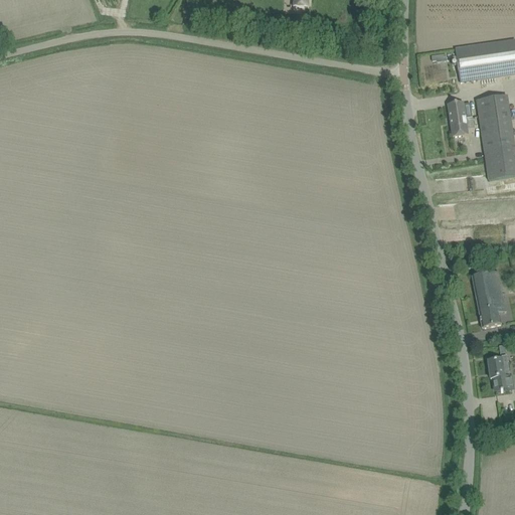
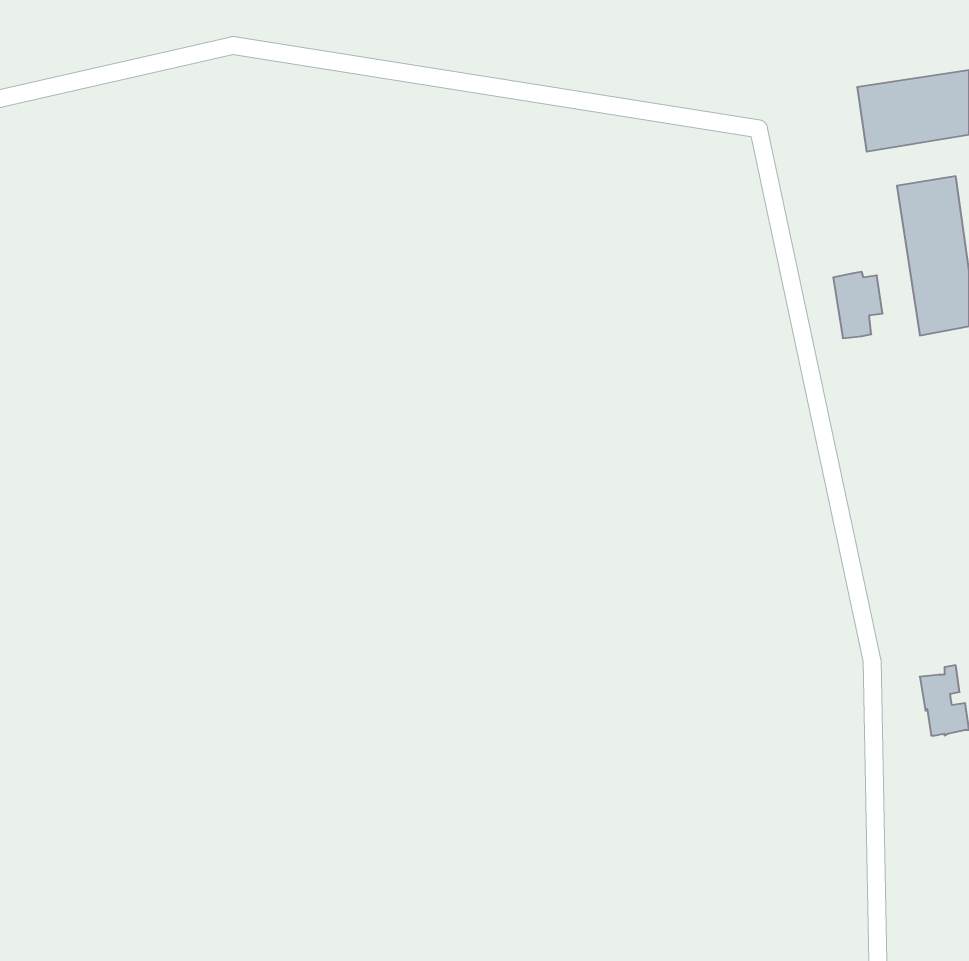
building: [448,100,474,135] -> [833,272,883,338]
building: [472,270,508,326] -> none

